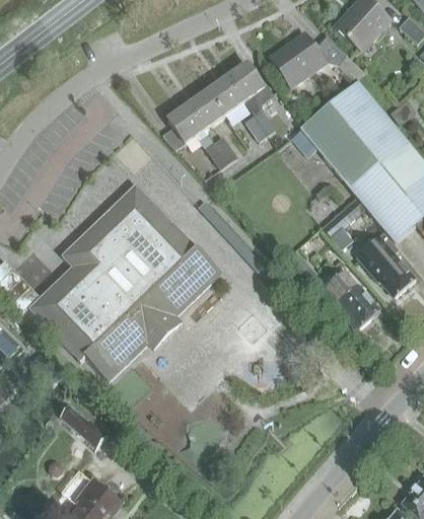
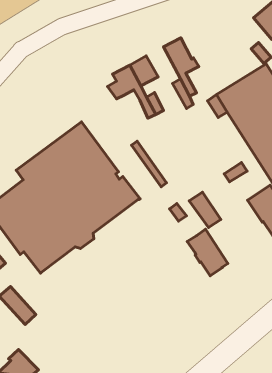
building: [270,31,325,85] -> none
building: [206,76,243,115] -> none
building: [324,270,378,327] -> [187,229,228,276]

